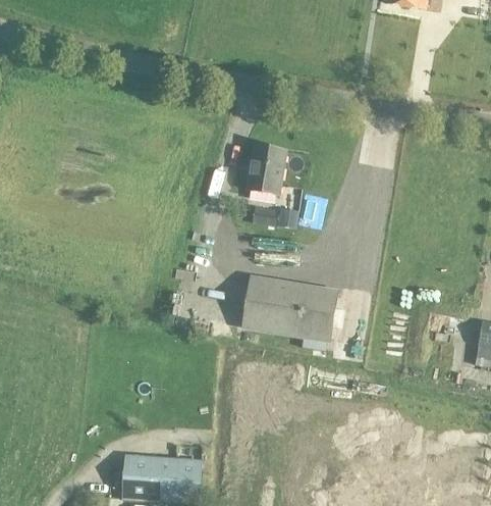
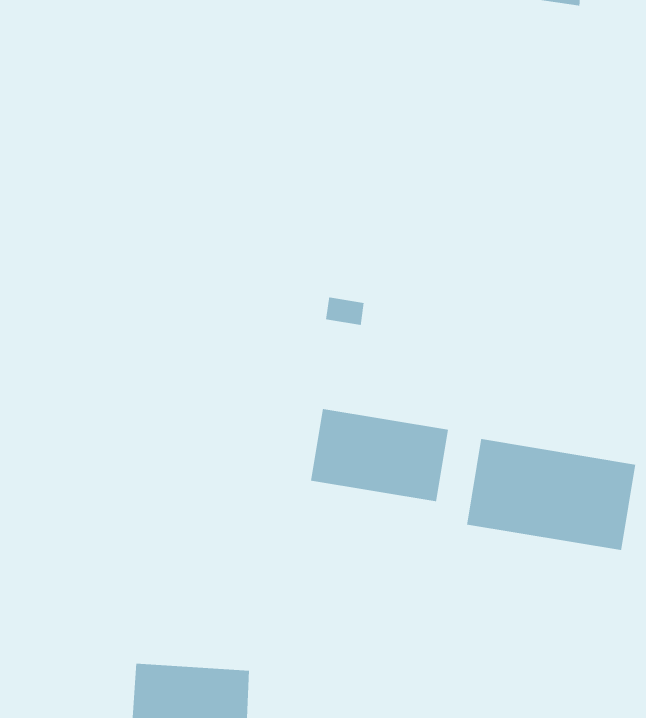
building: [248,144,285,194] -> none
building: none -> [466,438,636,551]

